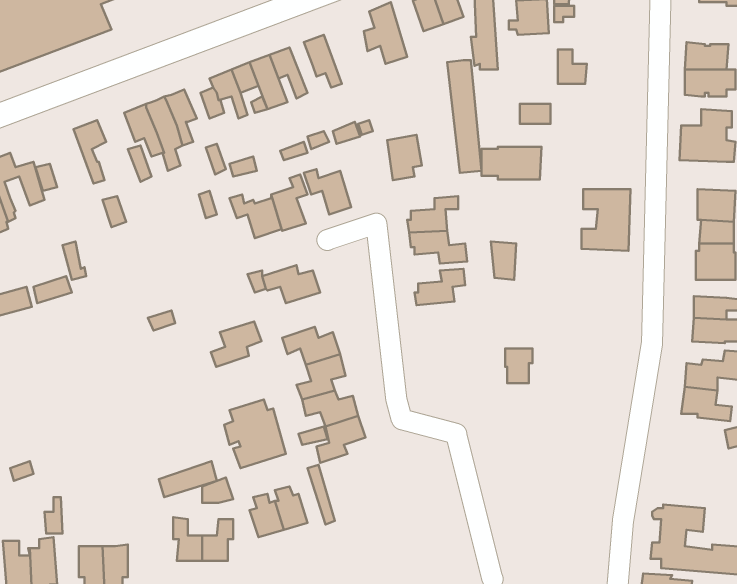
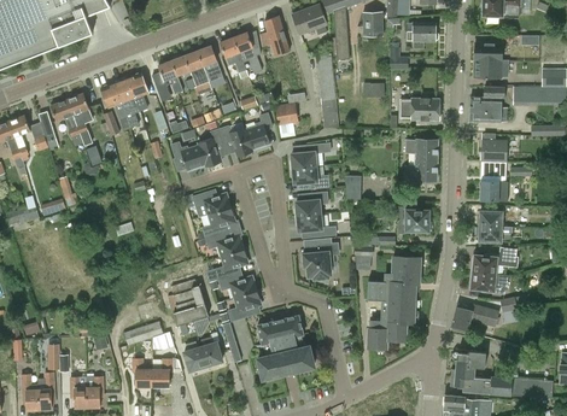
building: none -> [407,22,439,42]
building: none -> [234,33,263,74]
building: none -> [51,100,83,146]
building: [482,147,542,180] -> [401,99,440,121]
building: none -> [245,115,273,152]
building: none -> [398,203,432,234]
building: none -> [296,215,337,238]
building: [211,321,261,367] -> [203,209,236,239]
building: none -> [302,244,340,280]
building: none -> [368,257,421,348]
building: none -> [451,304,499,334]
building: none -> [258,316,315,379]

